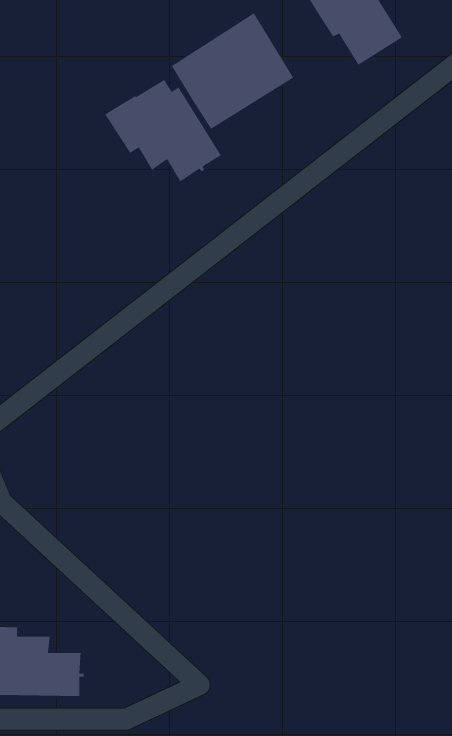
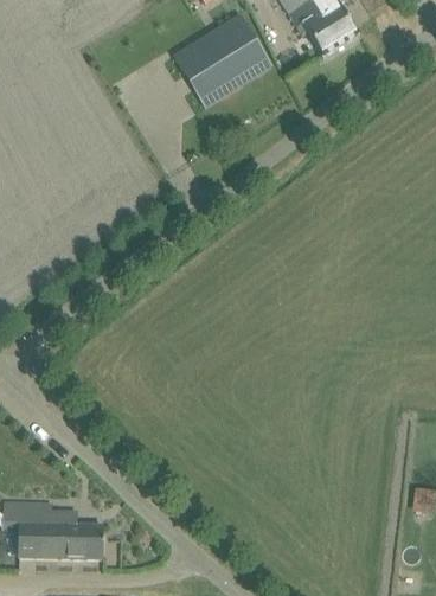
building: [104,79,222,183] -> none

